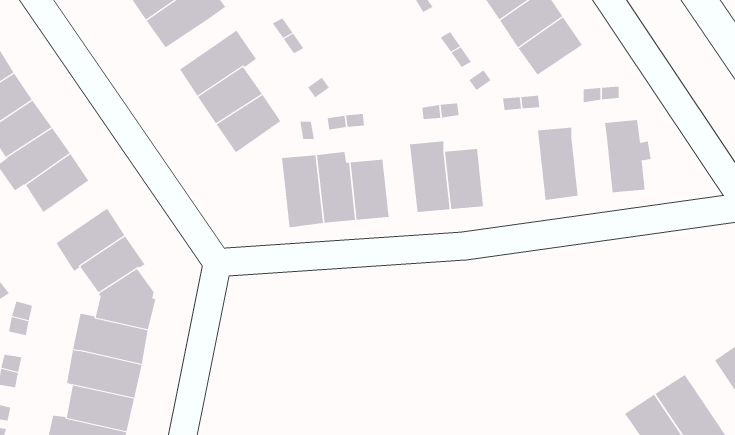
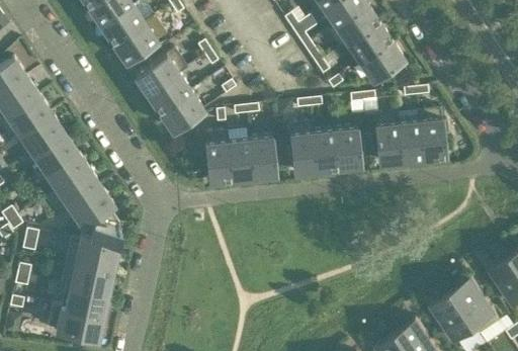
building: none -> [397,119,423,160]
building: none -> [334,126,360,167]
building: none -> [40,150,88,191]

